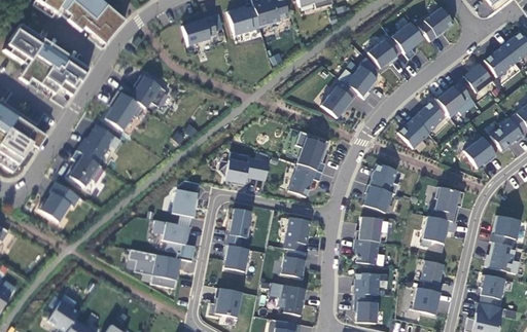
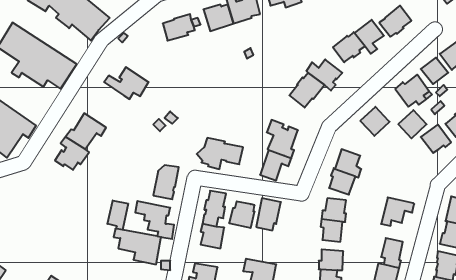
building: [105,90,142,131] -> none
building: [414,102,445,133] -> [398,110,427,138]
building: [38,182,79,222] -> none
building: [434,186,464,222] -> none
building: none -> [107,200,128,230]
building: [278,249,306,278] -> [229,201,255,228]

